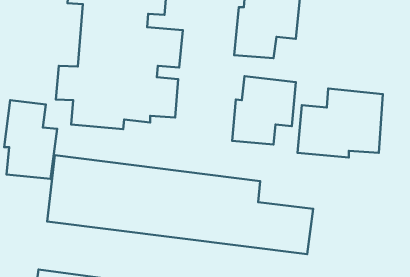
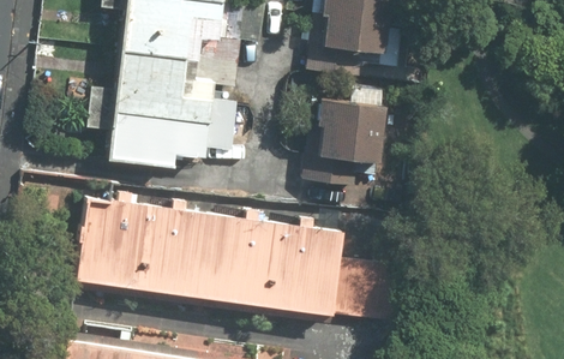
building: [297,89,383,158] -> none
building: [4,100,57,179] -> none

